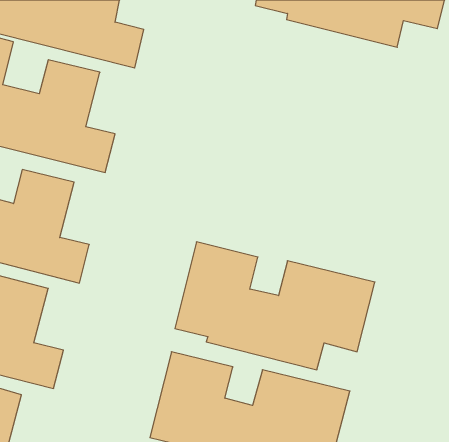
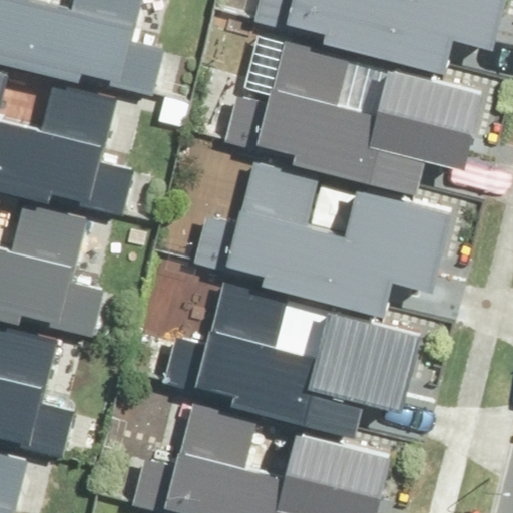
building: none -> [252,49,477,192]
building: none -> [223,168,448,311]

